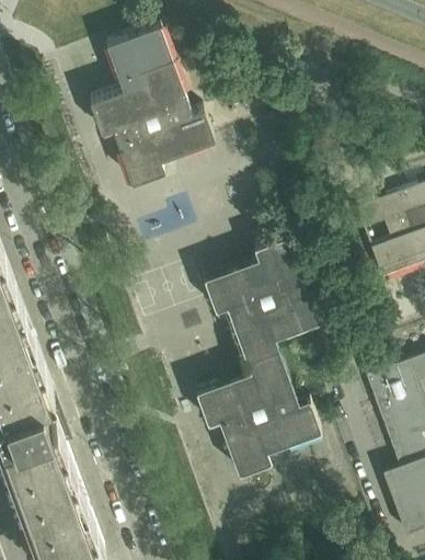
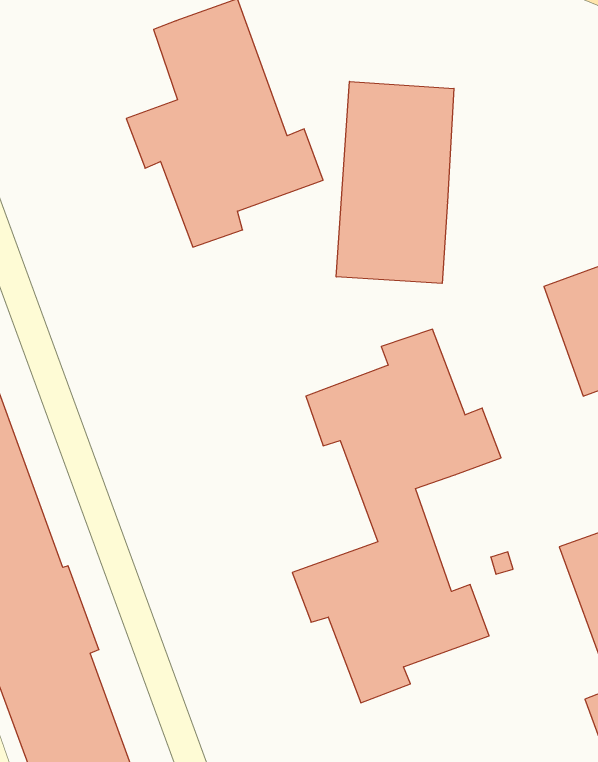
building: none -> [336,81,454,283]

